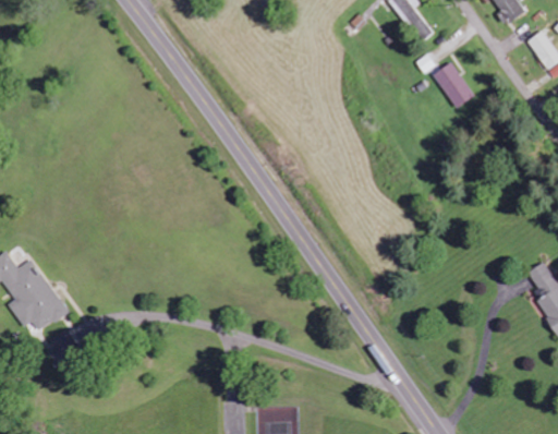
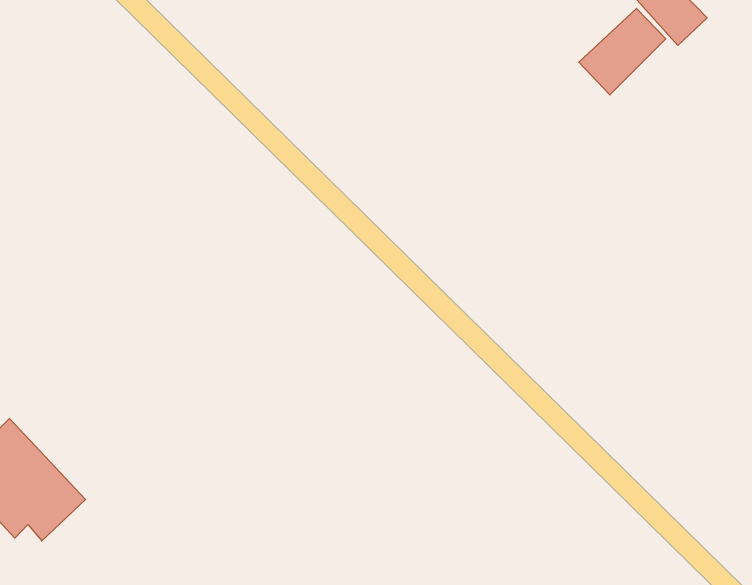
building: none -> [579,8,666,95]

